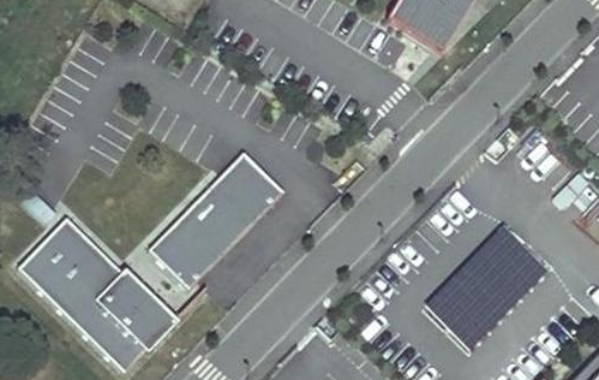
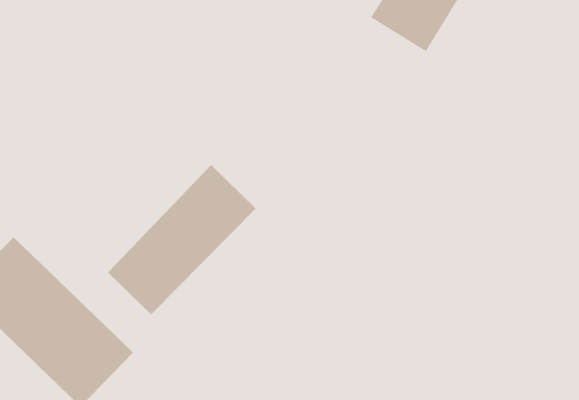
building: [425,226,549,352] -> none

